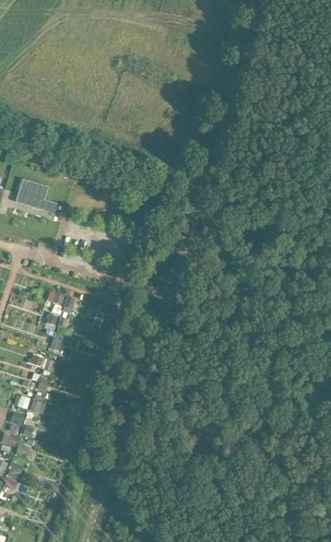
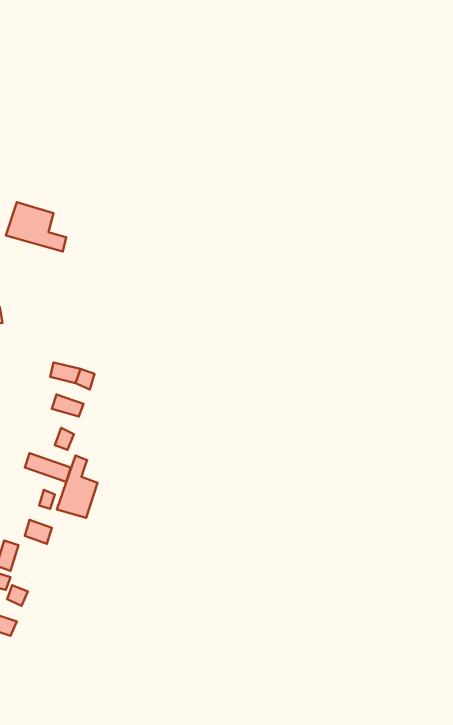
building: none -> [57,455,97,518]

